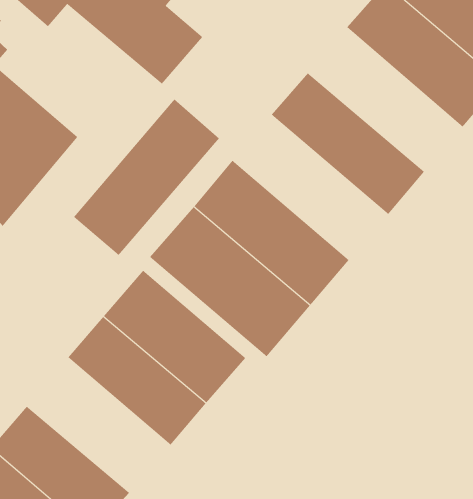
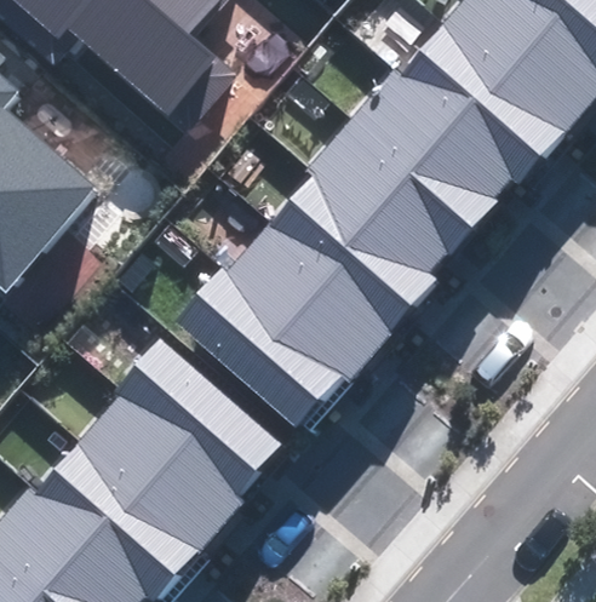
building: none -> [351,64,526,227]
building: [73,99,220,256] -> none
building: none -> [267,162,442,326]
building: none -> [35,435,197,587]

